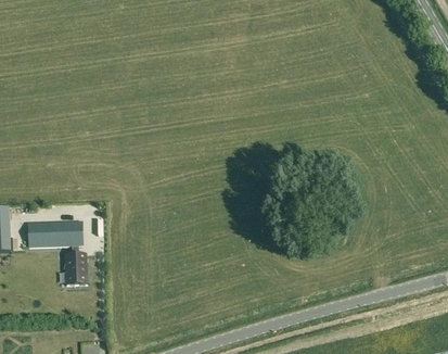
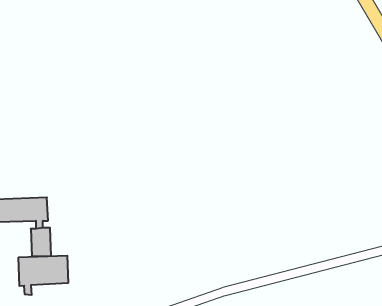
building: none -> [19,256,68,295]

